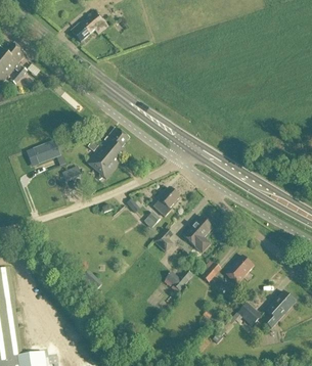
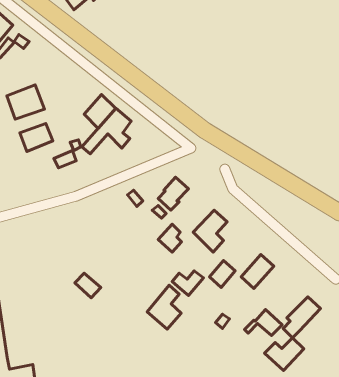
building: none -> [7,85,44,119]
building: [93,150,121,180] -> [84,94,116,128]
building: none -> [147,285,181,329]
building: none -> [264,338,304,370]

